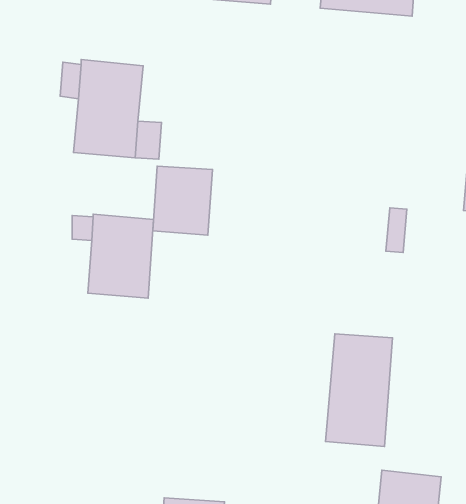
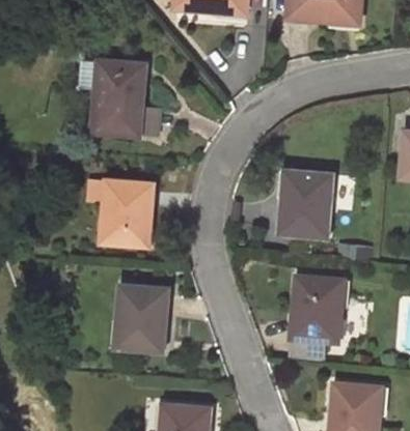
building: [153,166,213,235] -> none
building: none -> [279,171,332,238]
building: none -> [116,286,167,351]

